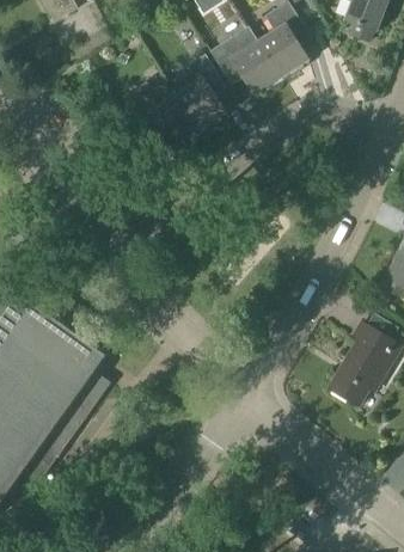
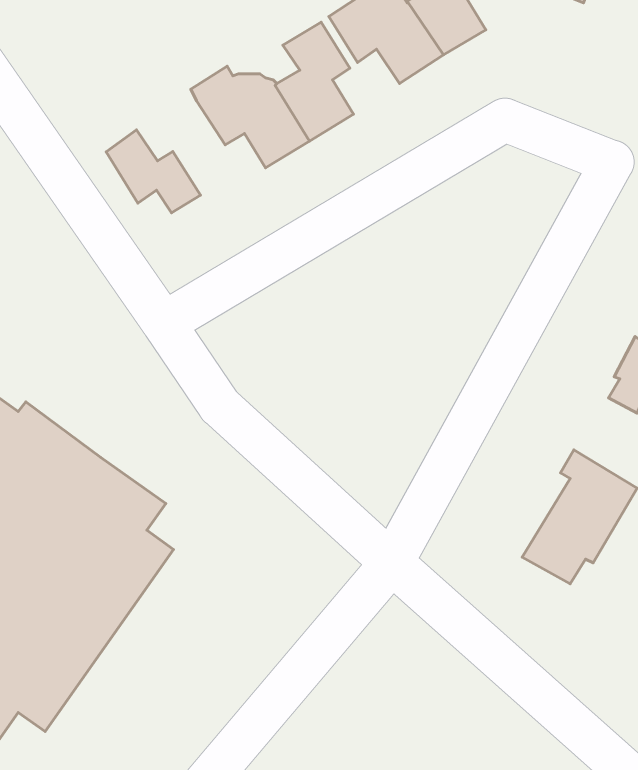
building: none -> [106,130,200,213]

